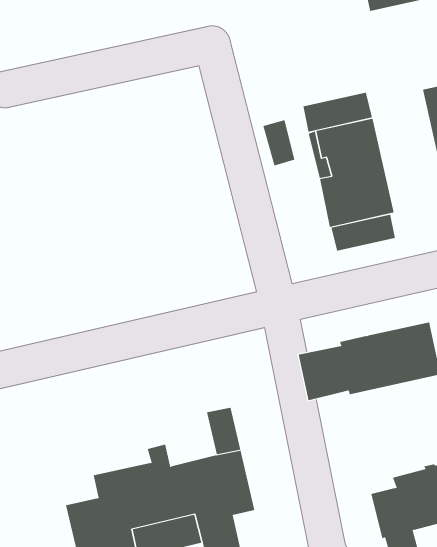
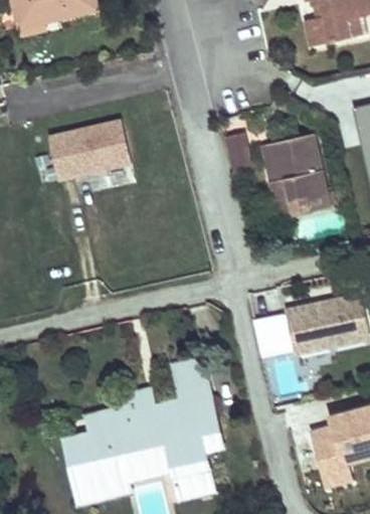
building: [303,92,373,132] -> none
building: none -> [45,120,132,180]
building: [331,214,395,251] -> none

